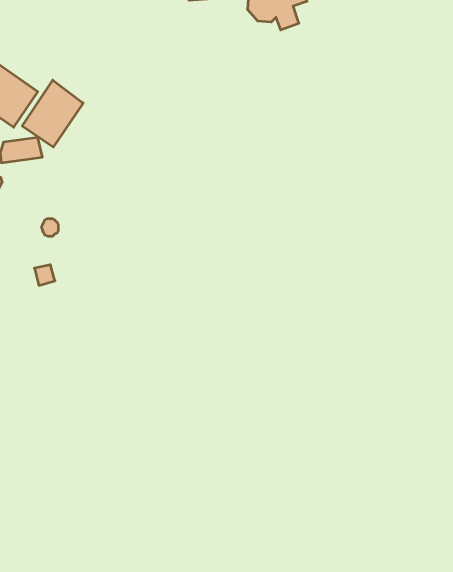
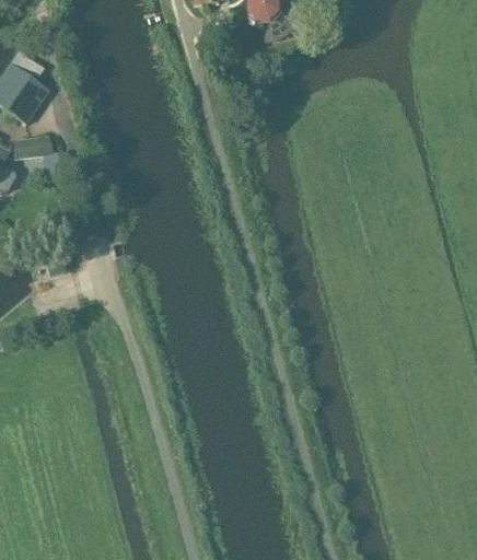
building: [22,80,83,147] -> none

